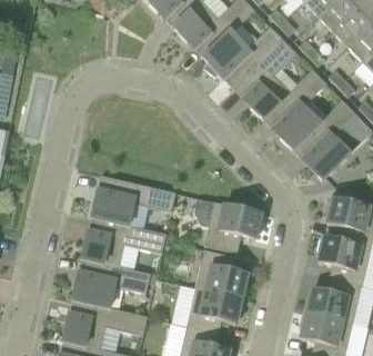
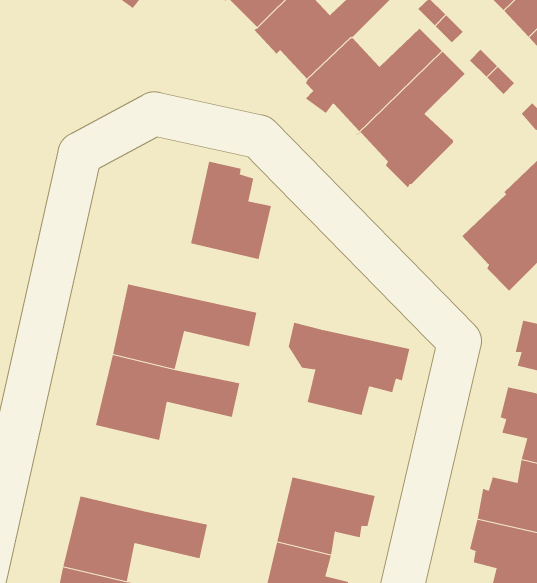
building: [265,69,326,149] -> none
building: none -> [191,161,271,260]
building: [195,249,249,298] -> none
building: [72,257,150,307] -> none

